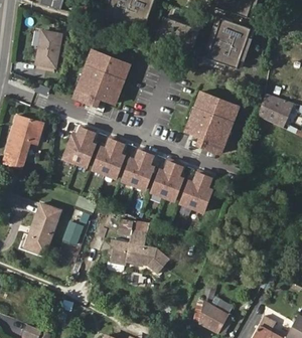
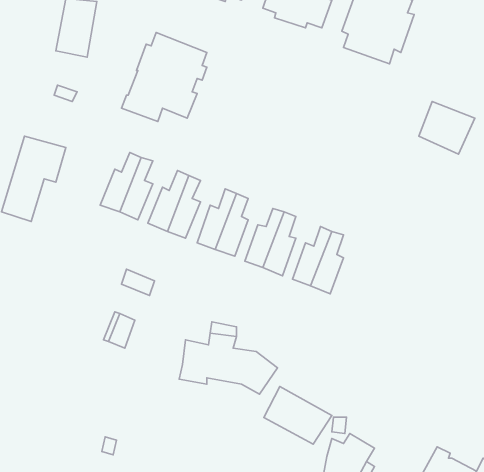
building: [187,94,237,154] -> none
building: [25,205,57,254] -> none
building: none -> [264,387,332,444]

